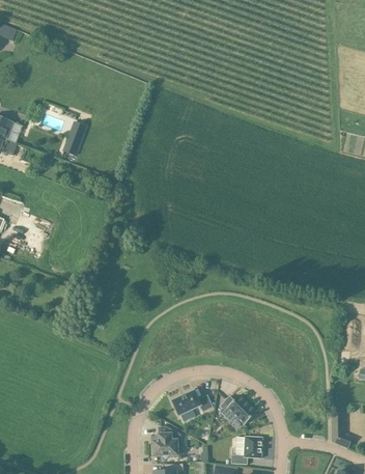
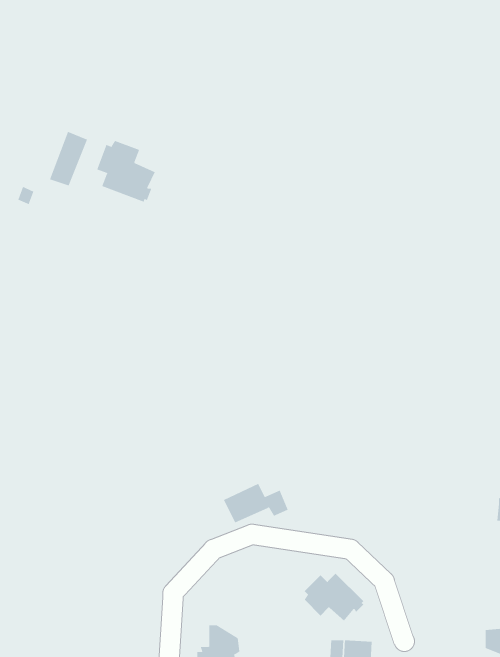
building: none -> [97,140,156,202]
building: [172,391,213,416] -> [223,483,289,523]

